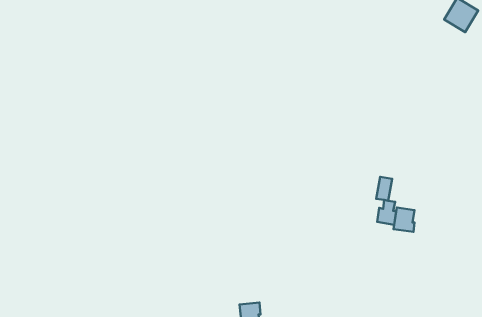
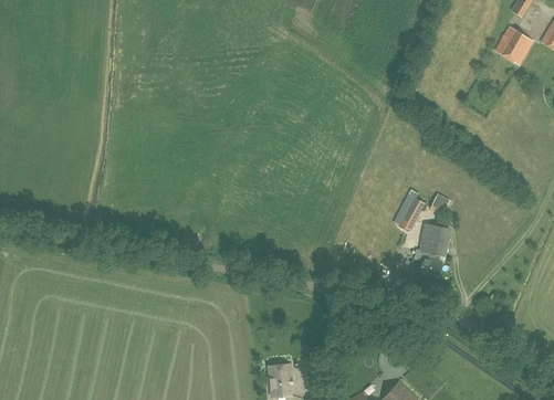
building: none -> [394,193,427,231]
building: [394,207,415,232] -> none

